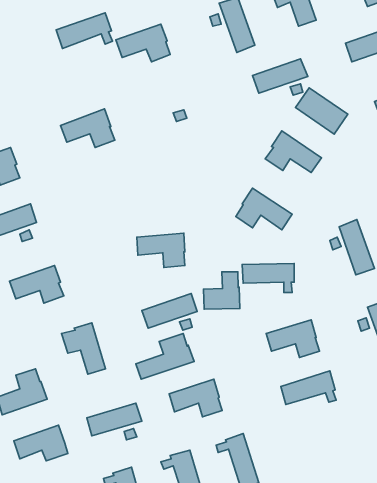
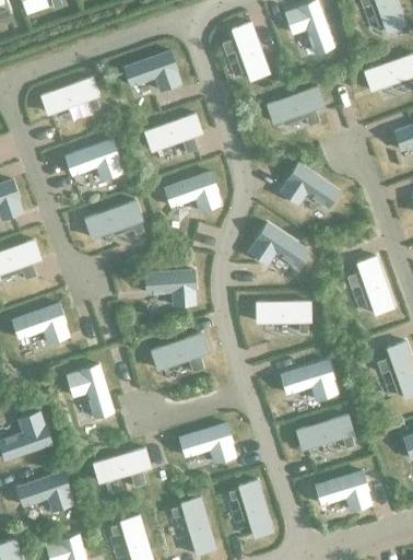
building: [56,13,113,48] -> [40,78,99,115]
building: none -> [144,114,202,151]
building: [295,88,348,134] -> none
building: none -> [164,172,221,212]
building: none -> [84,201,143,238]
building: [203,272,240,309] -> none
building: [136,333,194,379] -> none
building: none -> [315,471,371,511]

